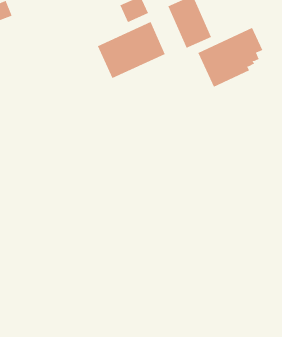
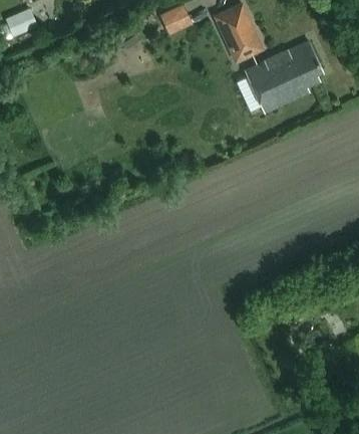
building: [97,21,166,79] -> none

